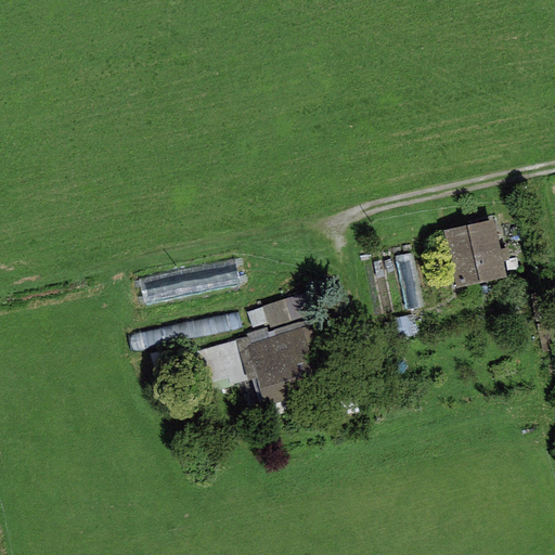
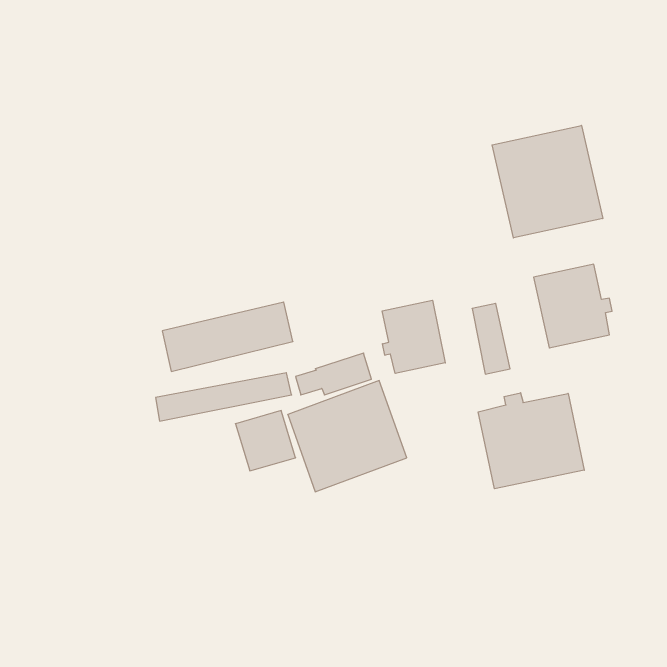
building: none -> [492,125,603,238]
building: none -> [382,300,445,373]
building: none -> [478,393,584,489]

